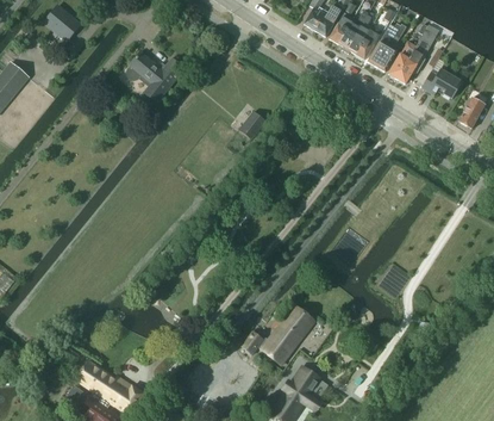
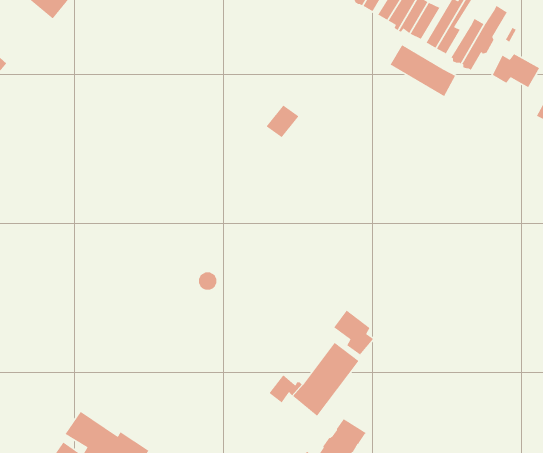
building: [126,51,183,101] -> none
building: none -> [390,44,456,97]
building: none -> [333,309,374,356]

